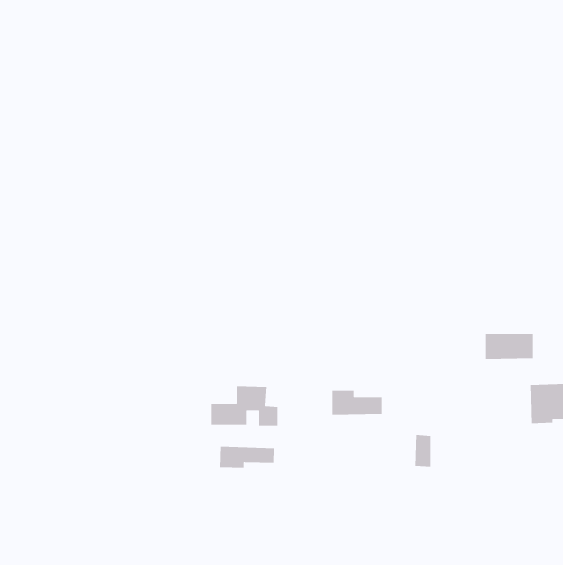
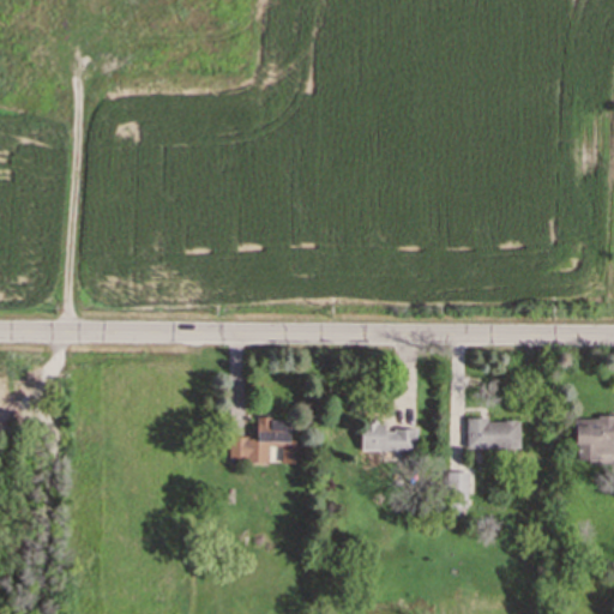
building: [485,333,534,360] -> [469,420,522,449]
building: [219,446,275,469] -> none

